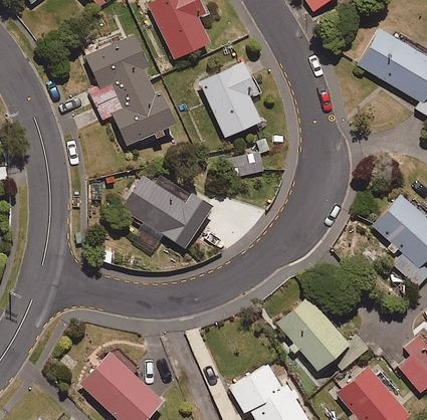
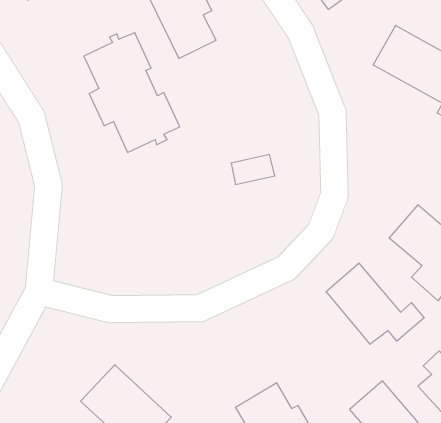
building: [197,62,260,139] -> none
building: [122,178,210,249] -> none
building: [275,298,368,375] -> [326,263,424,344]

